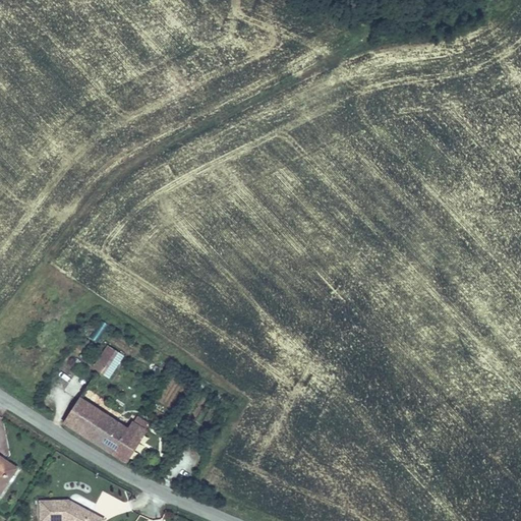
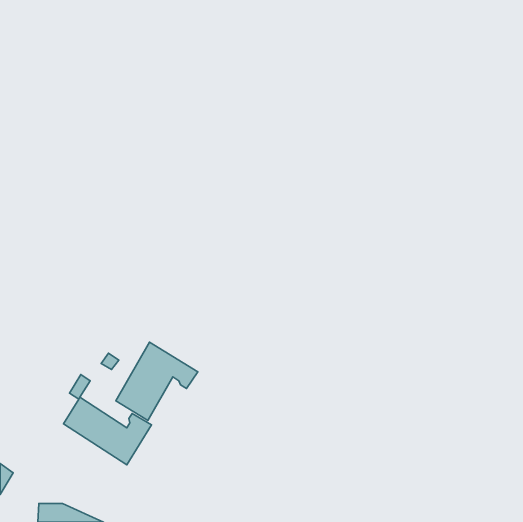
building: none -> [116,342,198,421]

